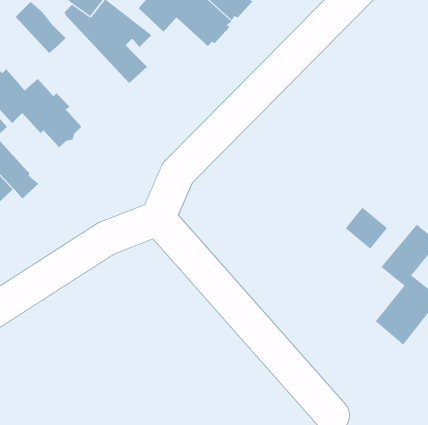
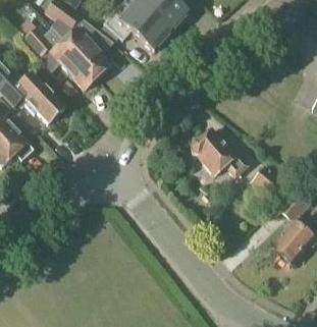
building: none -> [44,29,98,90]
building: none -> [191,129,248,175]

